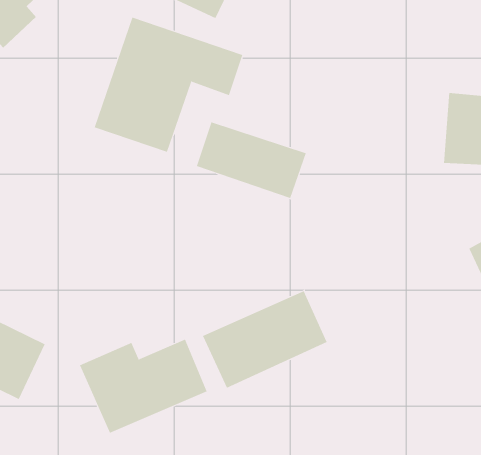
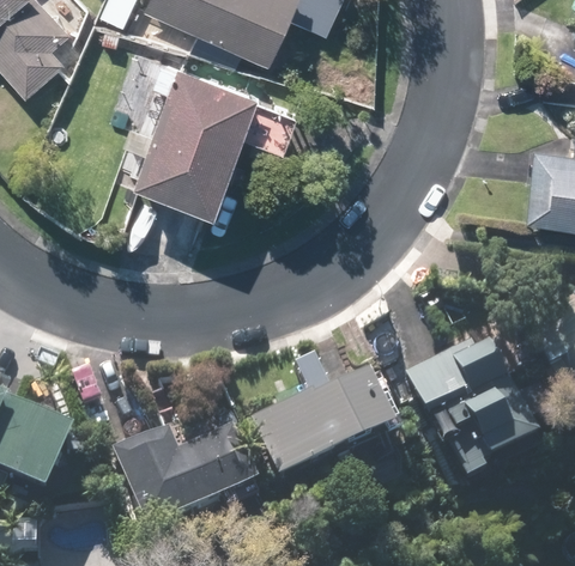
building: [196,121,306,199] -> none
building: none -> [403,333,538,483]

